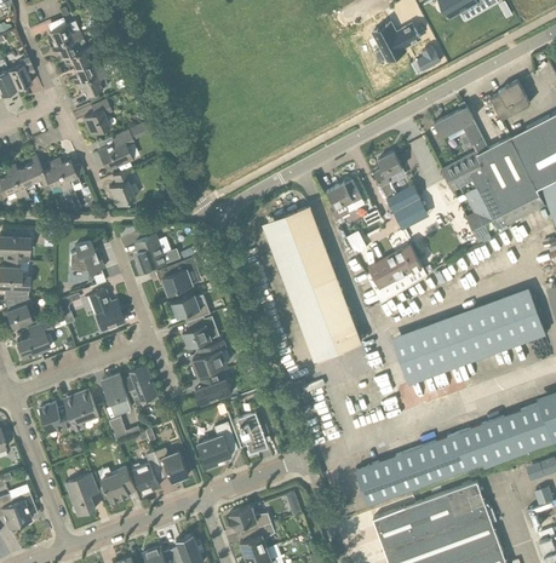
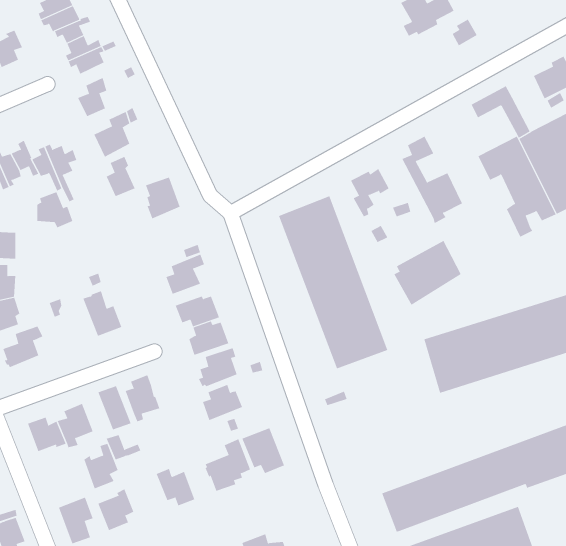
building: [134,235,166,272] -> [145,177,180,219]
building: [71,241,104,274] -> [37,191,73,228]
building: [132,453,164,494] -> [83,443,119,489]

